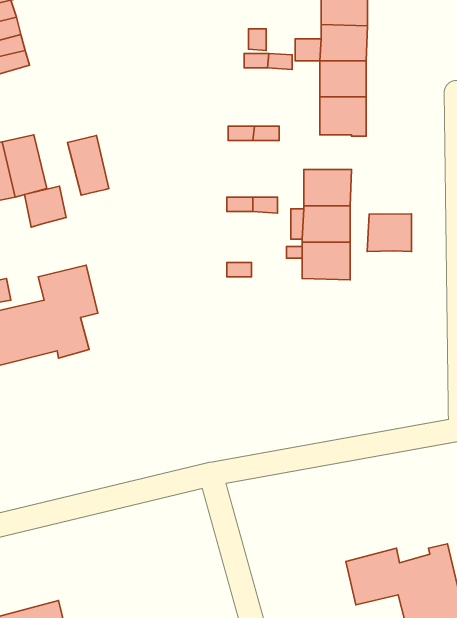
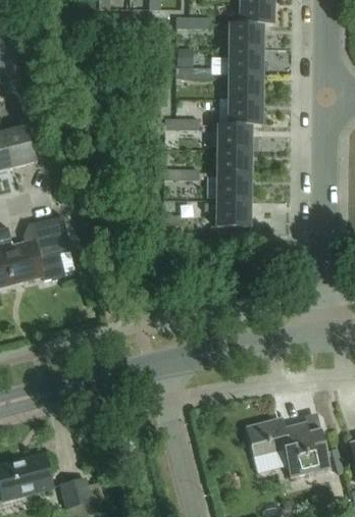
building: none -> [216,123,250,150]
building: [67,136,109,195] -> none
building: [24,186,66,227] -> none
building: [367,214,412,252] -> none

